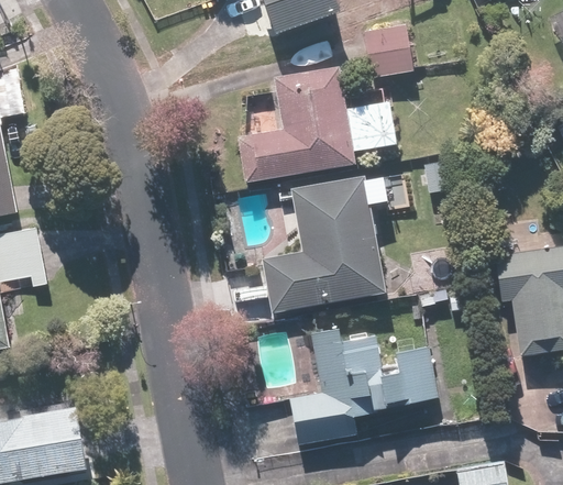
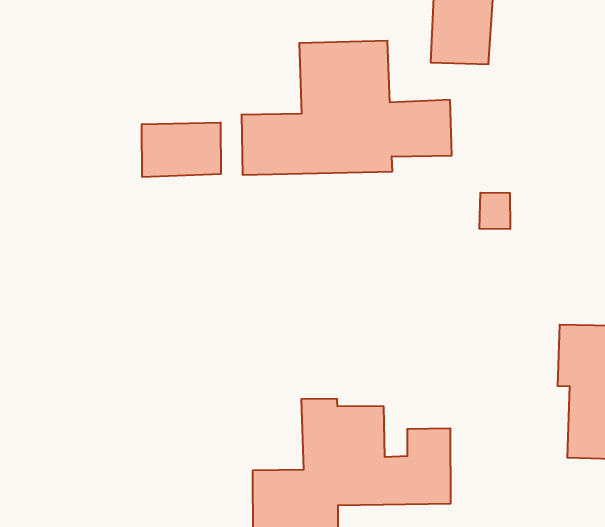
building: none -> [142,122,221,177]
building: [260,175,386,312] -> none

